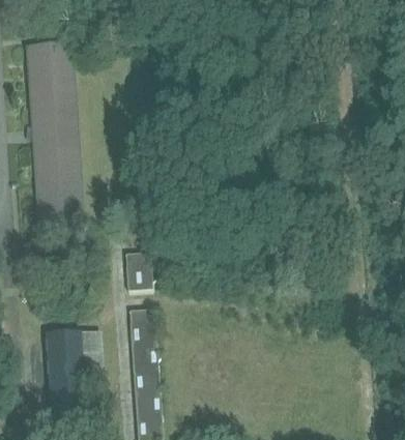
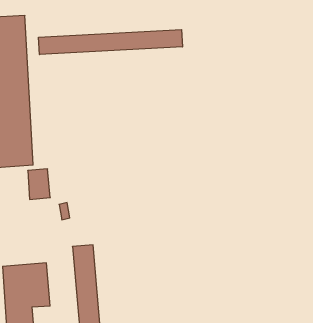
building: none -> [39,30,182,55]
building: [124,254,150,289] -> [28,169,50,199]

